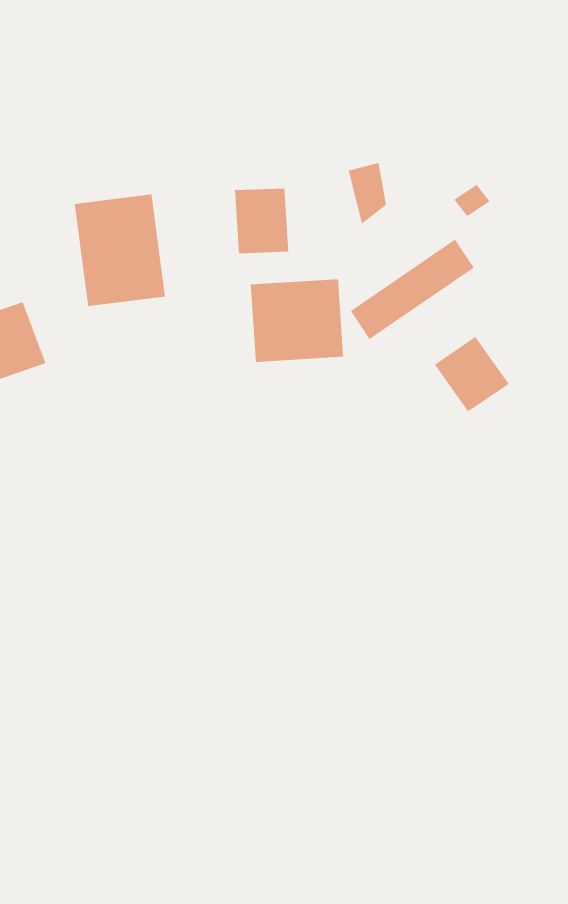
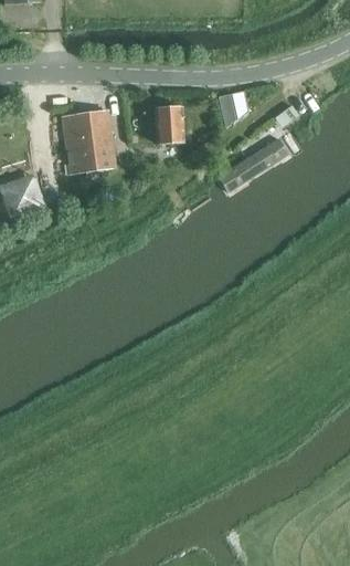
building: [250,279,344,363] -> none
building: [434,336,510,413] -> none

